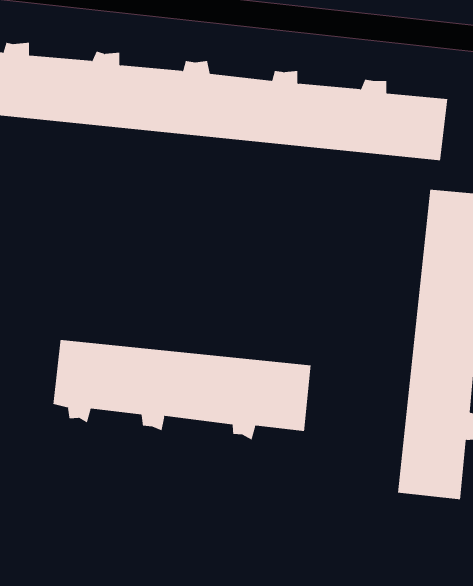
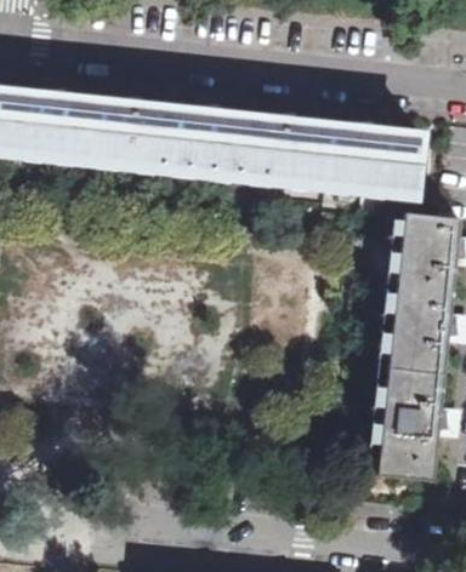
building: [53,339,311,441] -> none

